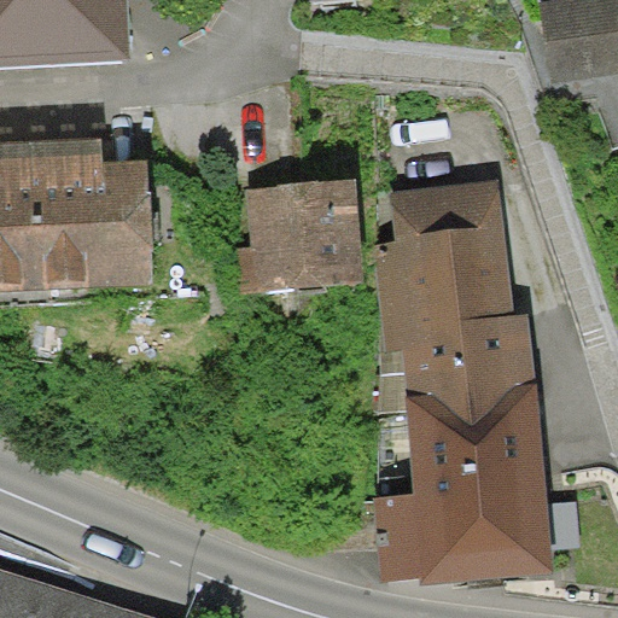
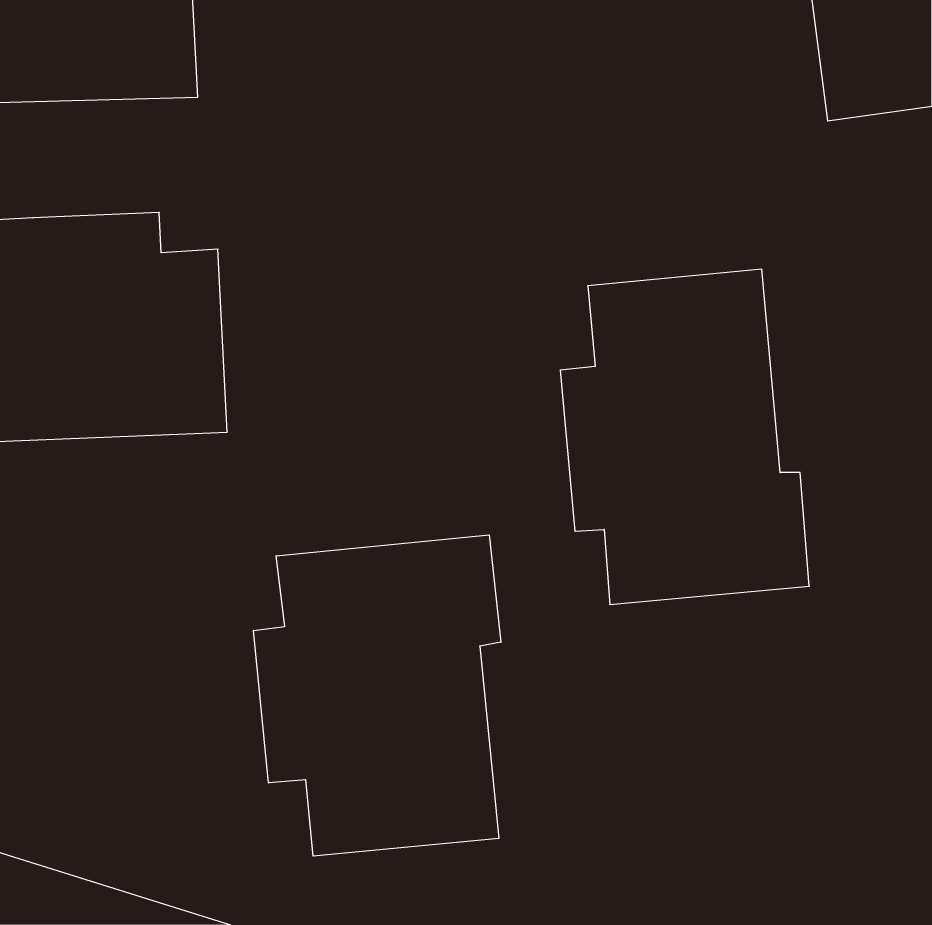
building: [239,180,361,291] -> none
building: none -> [254,535,501,856]
building: [372,386,552,587] -> none

